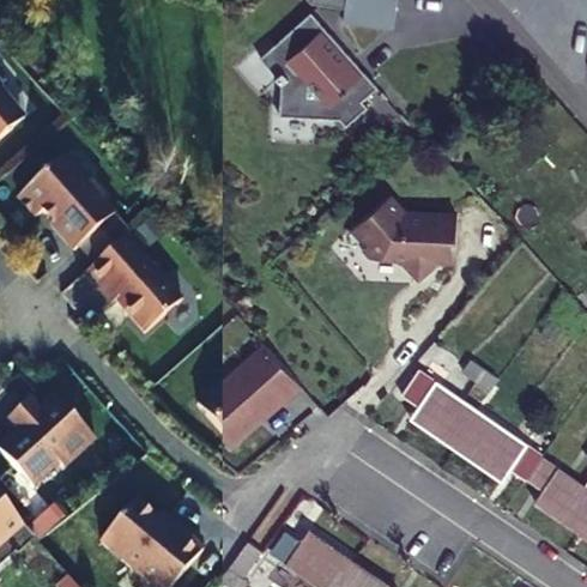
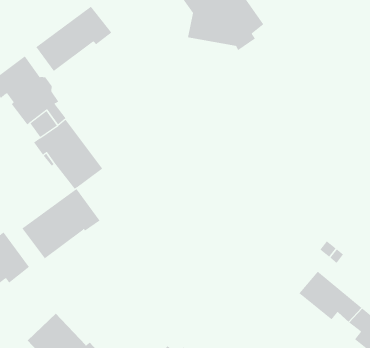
building: none -> [36,6,112,72]
building: [349,189,458,272] -> none
building: [193,343,298,442] -> [21,188,101,259]
building: [404,373,478,446] -> none

